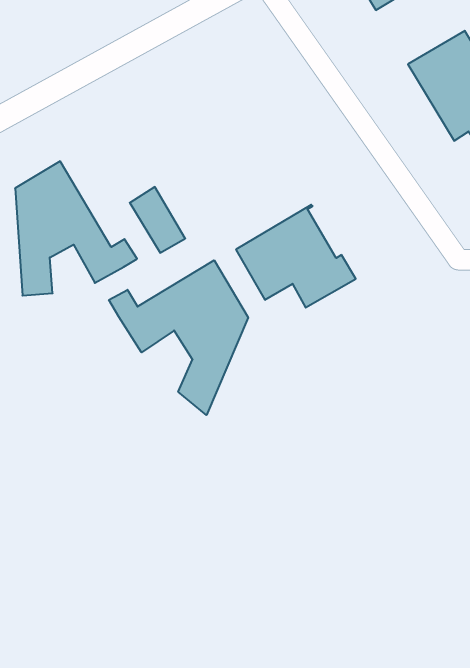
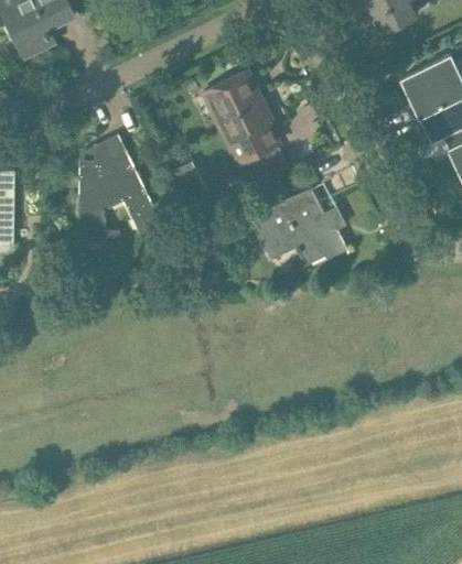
building: none -> [211,70,278,163]
building: [109,260,248,415] -> none

